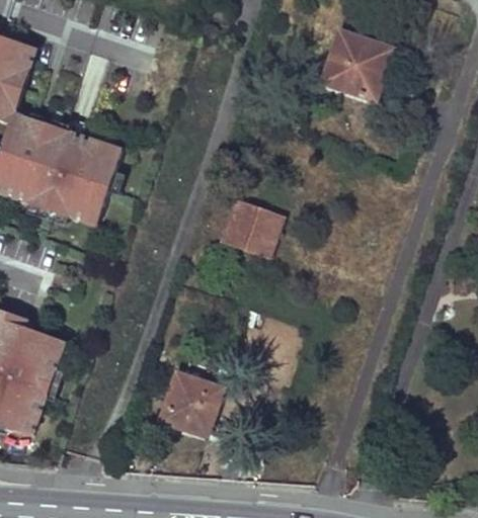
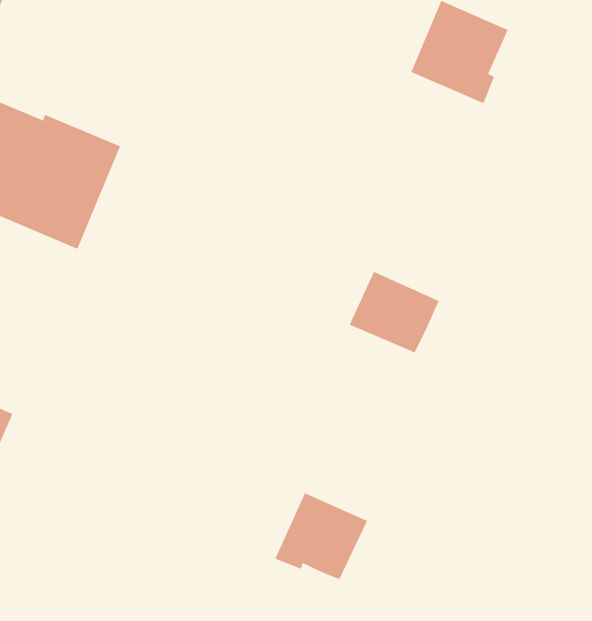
building: [220,201,282,256] -> [349,271,440,353]
building: [158,372,221,431] -> [275,493,368,580]

